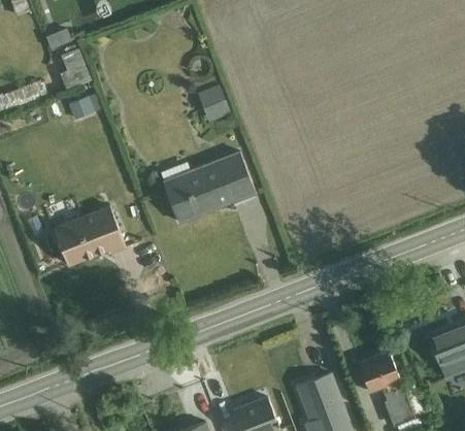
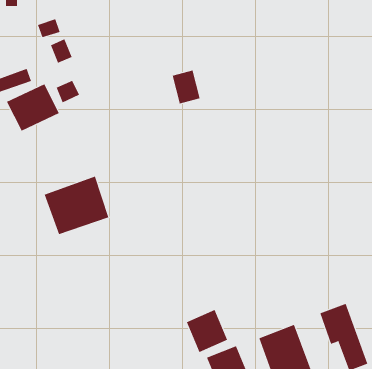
building: none -> [6,83,59,131]
building: [163,154,257,227] -> none
building: none -> [186,309,228,353]

